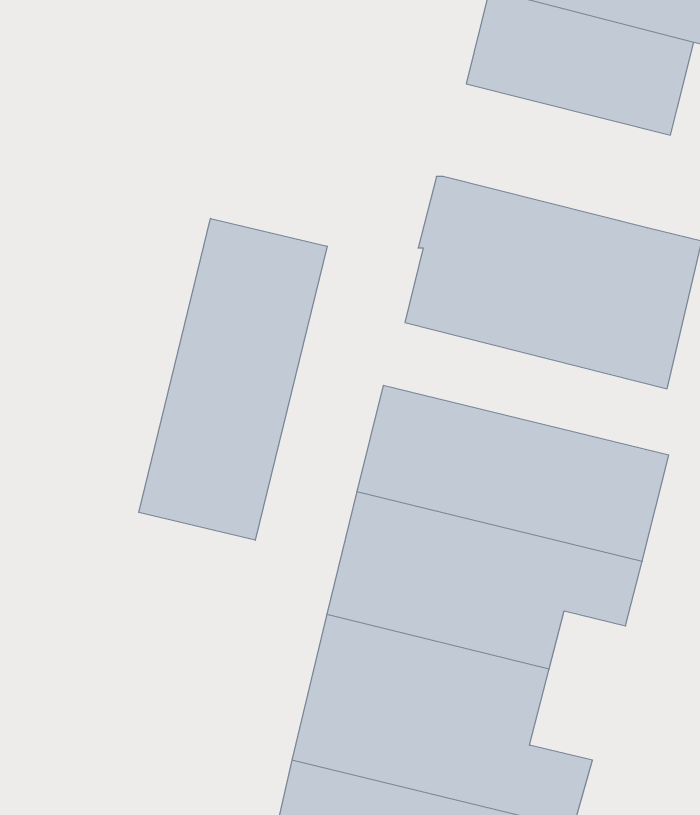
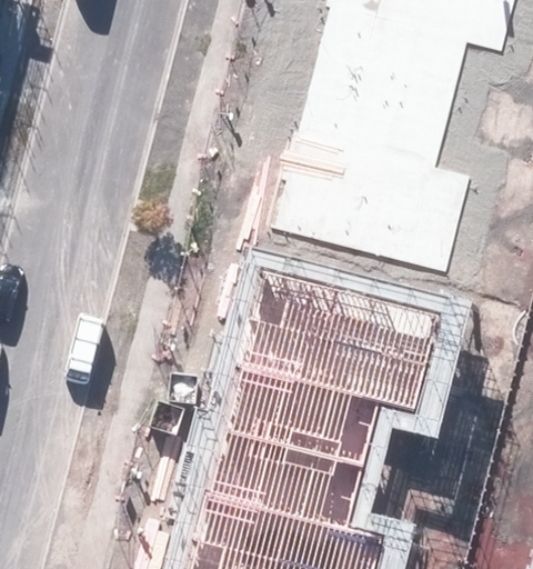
building: none -> [310,71,462,168]
building: [139,218,327,540] -> none

